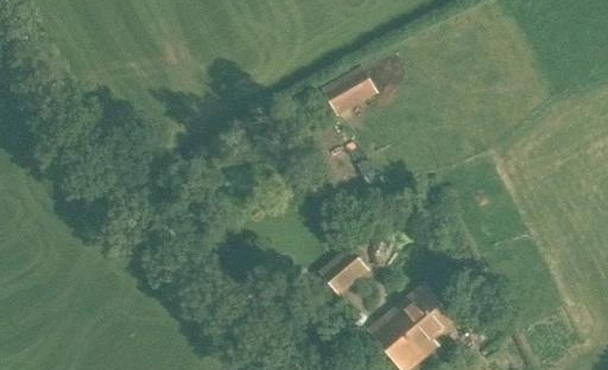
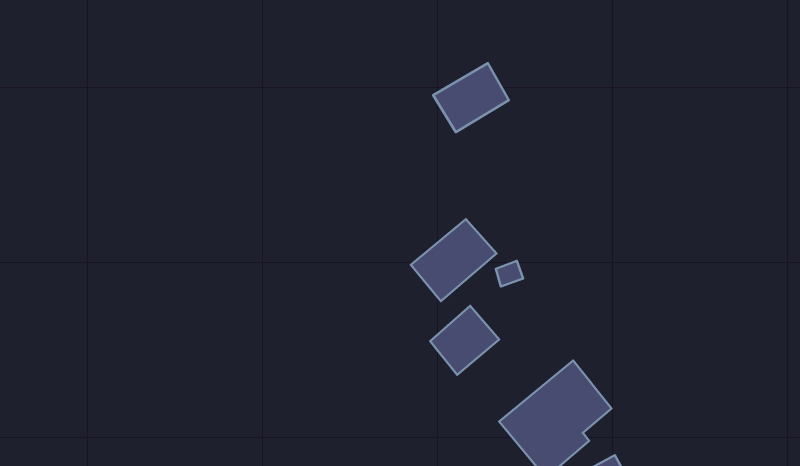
building: none -> [411,219,496,301]

